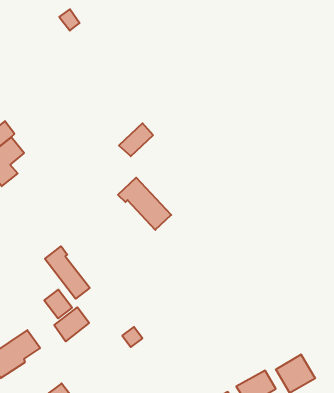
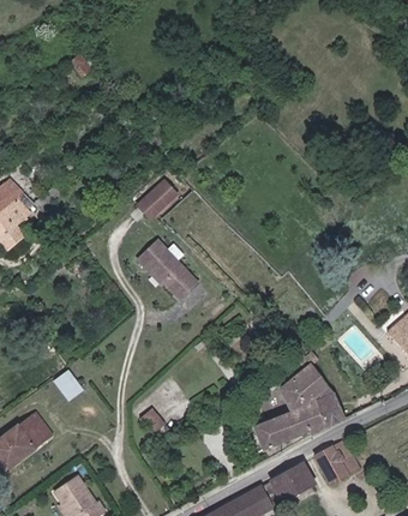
building: [45,246,90,299] -> none
building: none -> [253,361,346,450]
building: [54,307,89,341] -> none

